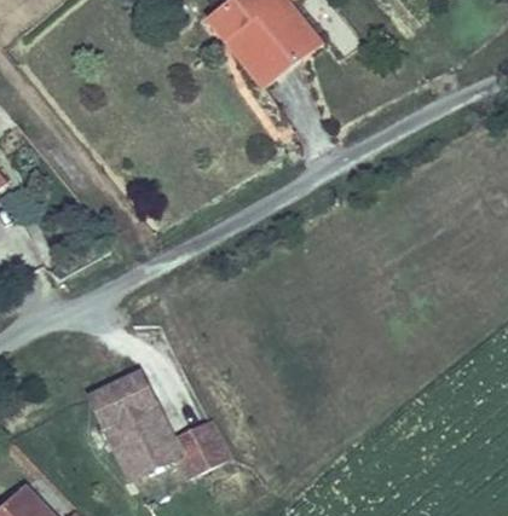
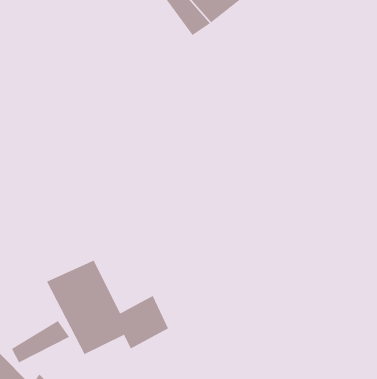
building: none -> [11,320,70,363]

